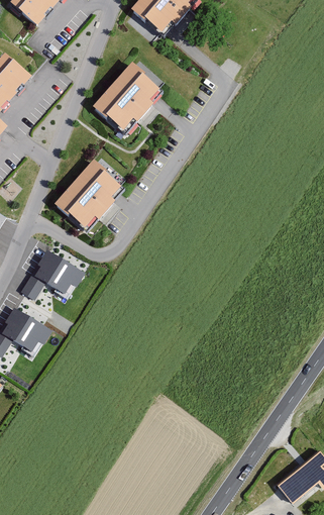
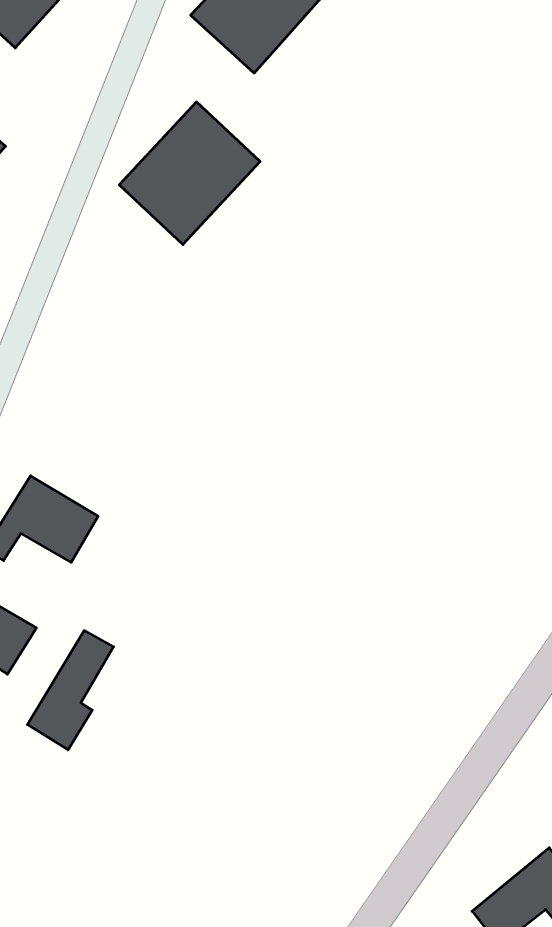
building: [51,153,130,228] -> none
building: none -> [27,631,114,750]

